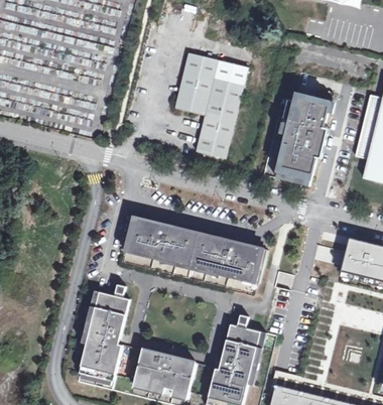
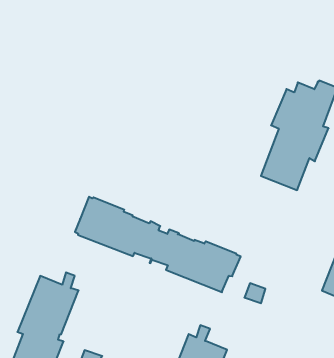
building: [173,52,247,158] -> none

